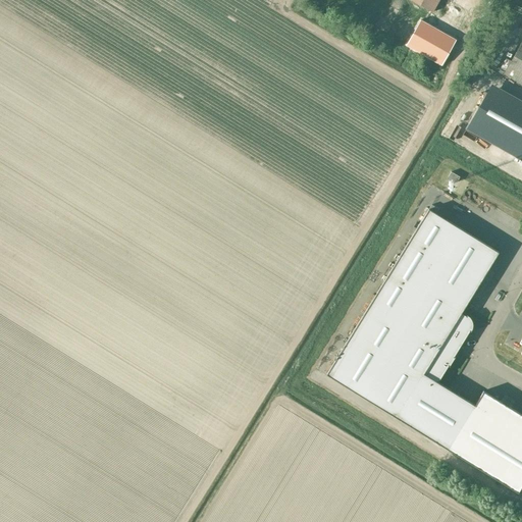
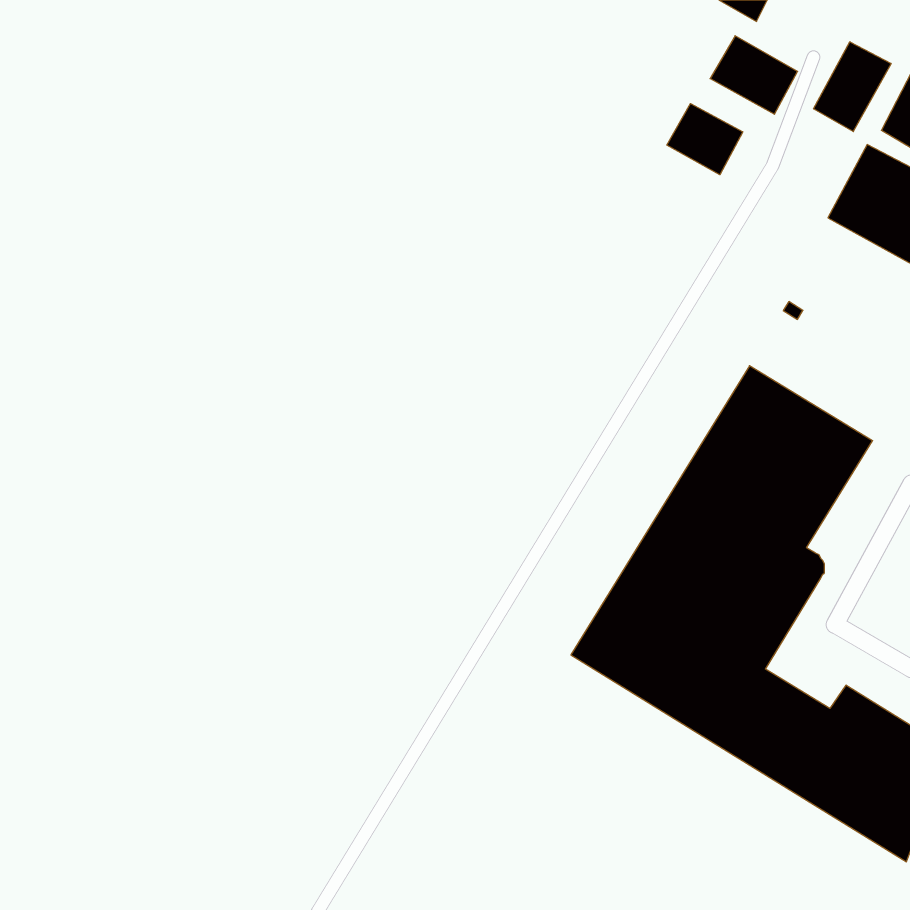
building: none -> [814,42,891,132]
building: none -> [667,104,743,175]

